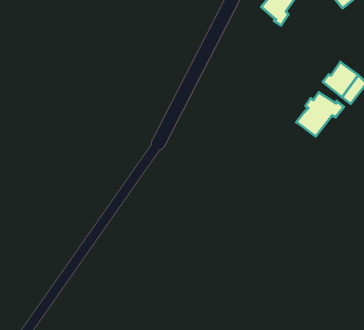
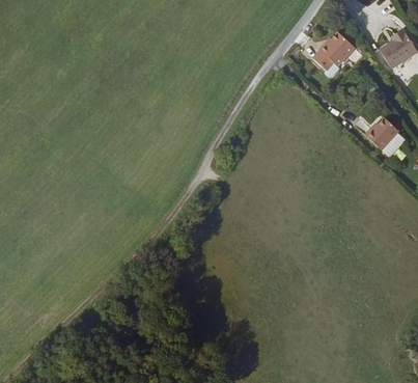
building: [296,92,344,136] -> none

